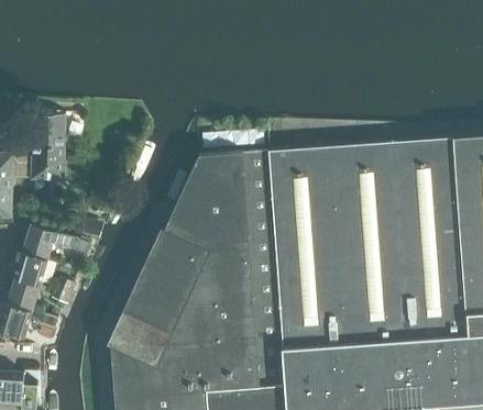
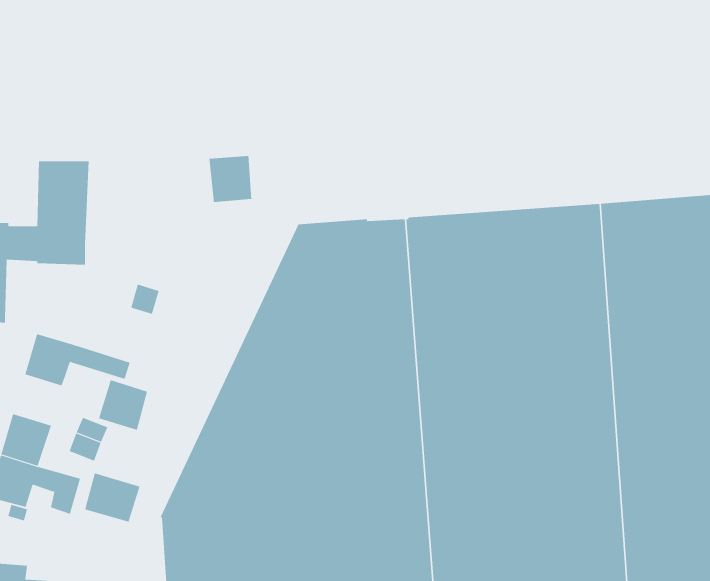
building: none -> [209,155,252,203]
building: [15,252,47,285] -> [98,379,148,431]
building: none -> [85,473,140,523]

